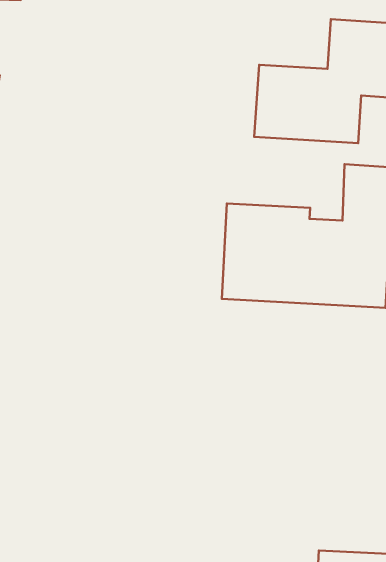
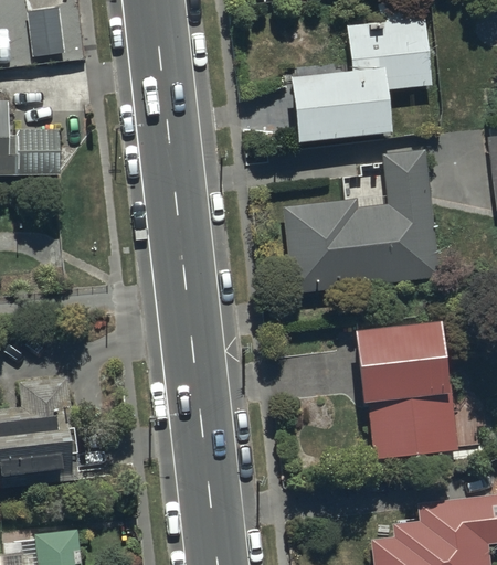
building: none -> [352,321,457,459]

